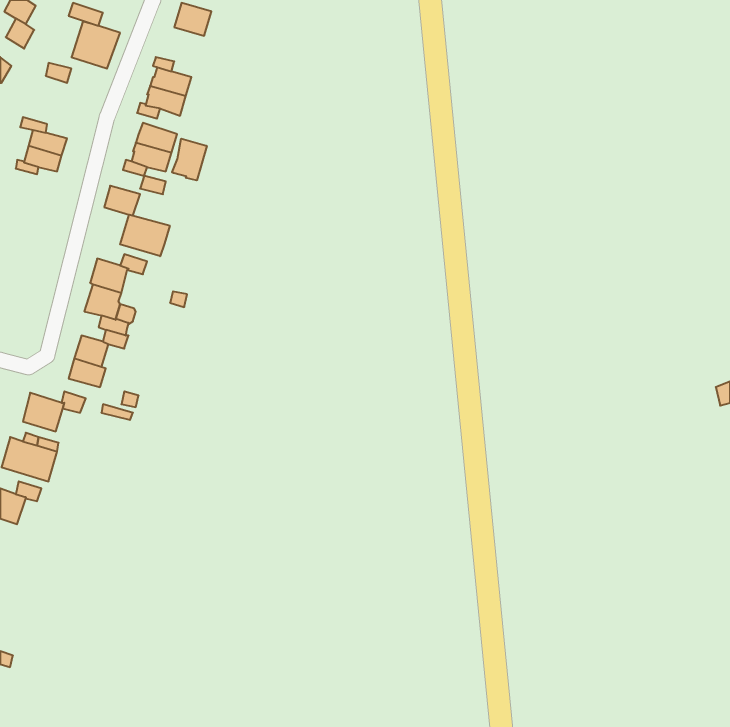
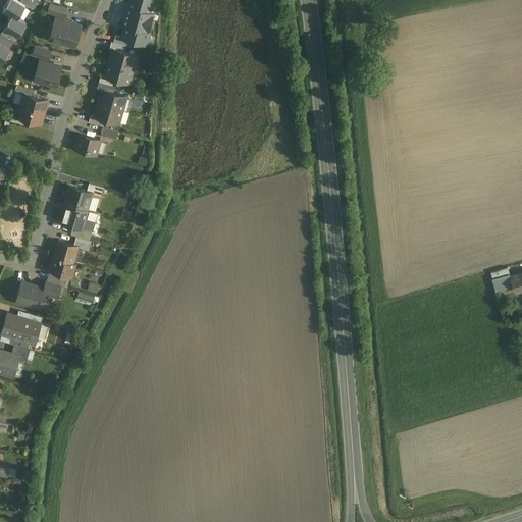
building: none -> [119,21,146,45]
building: none -> [35,62,61,88]
building: [172,139,207,180] -> none
building: [120,215,170,256] -> none

